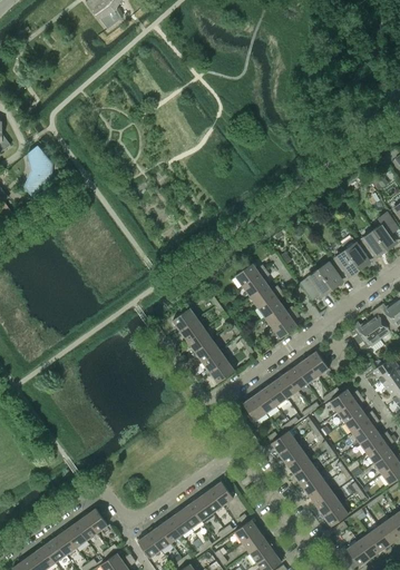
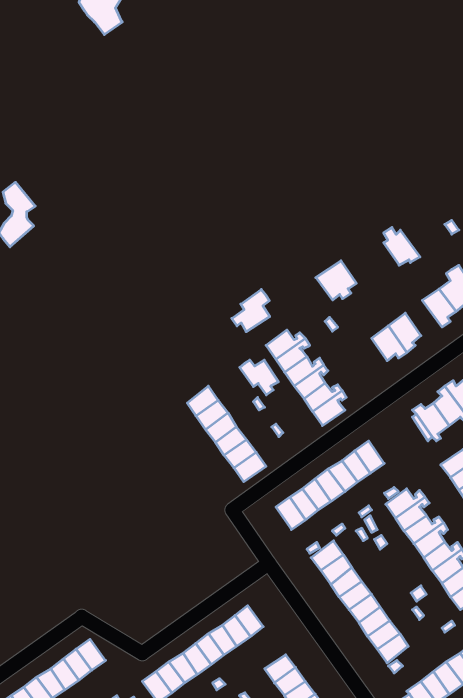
building: none -> [232,289,270,332]
building: [345,237,374,267] -> [384,227,420,265]
building: [299,269,331,301] -> [316,261,356,300]
building: none -> [240,360,278,395]

